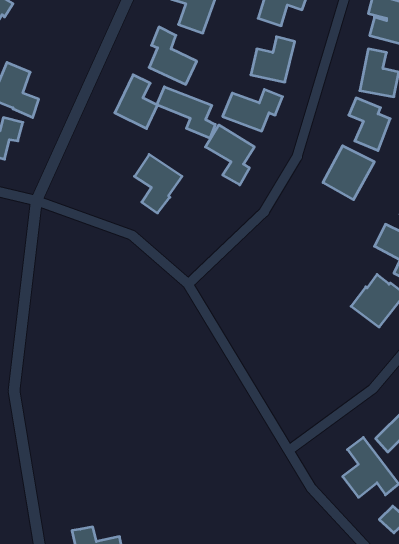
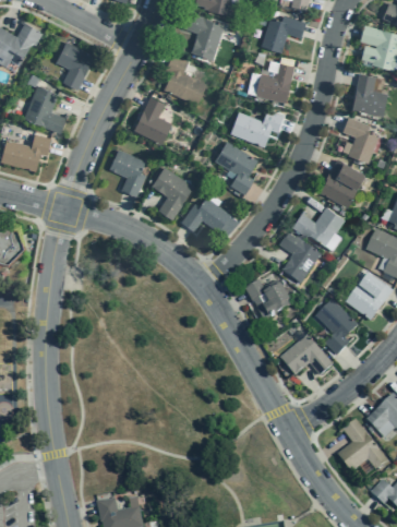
building: none -> [57,41,95,89]
building: [157,87,215,138] -> none
building: none -> [110,149,146,197]
building: none -> [181,197,230,232]
building: none -> [292,206,346,250]
building: none -> [279,232,320,284]
building: none -> [244,280,289,319]
building: none -> [315,300,358,357]
building: none -> [279,335,333,376]

